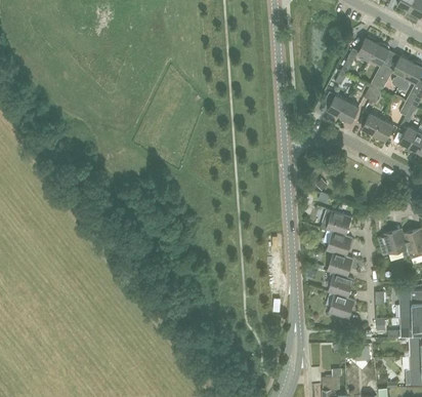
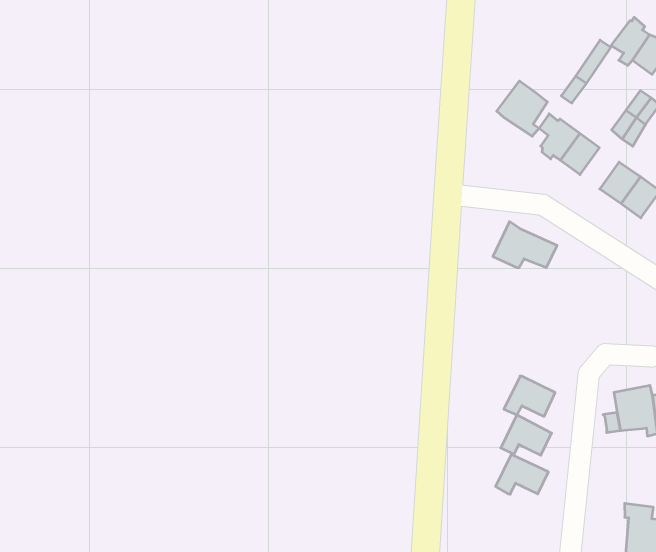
building: none -> [497,81,547,136]
building: [320,208,352,232] -> [493,222,557,268]
building: [329,294,355,317] -> none

